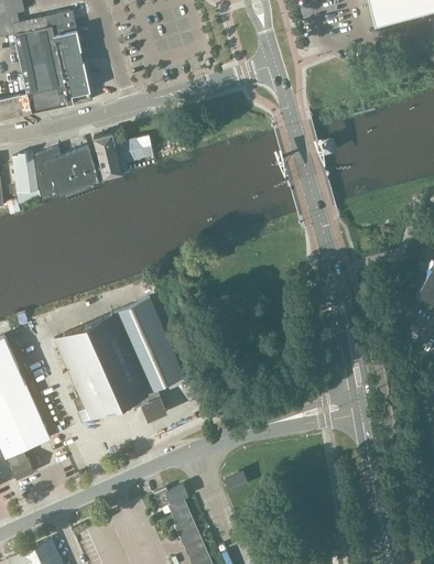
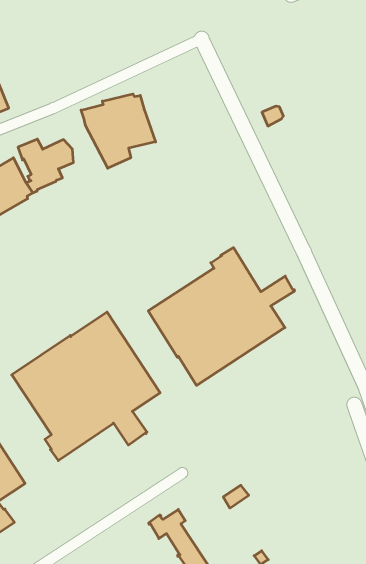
building: none -> [81,94,156,168]
building: none -> [148,248,294,385]

